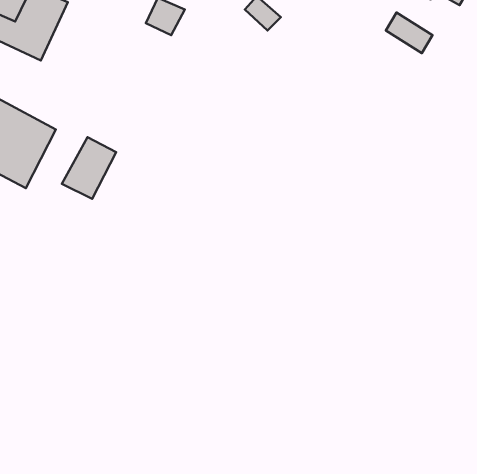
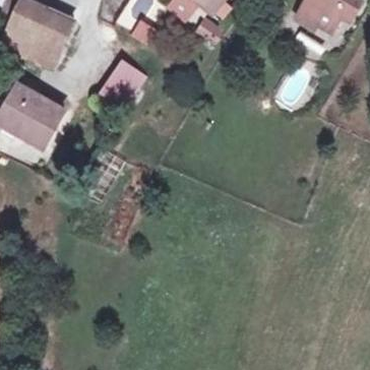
building: [62,137,116,199] -> [101,57,137,99]

